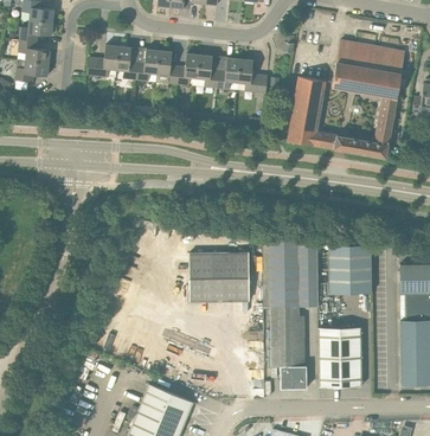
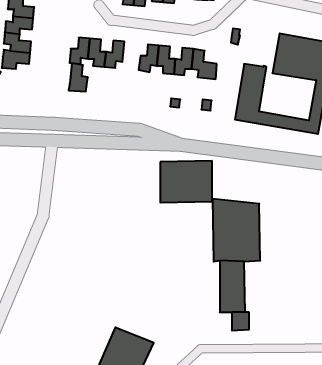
building: [155,50,178,83] -> [69,63,88,91]
building: [328,244,371,294] -> none
building: [188,252,249,301] -> [160,161,212,203]
building: [319,327,361,386] -> none

